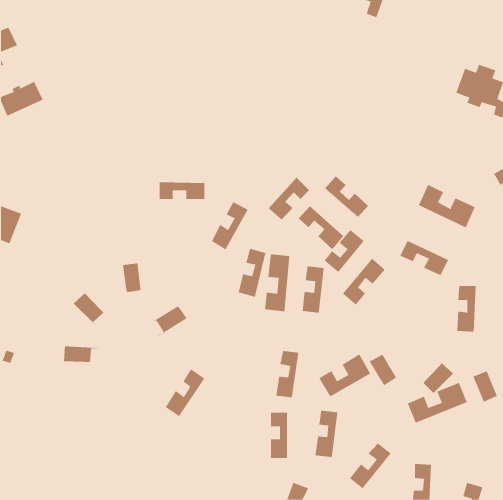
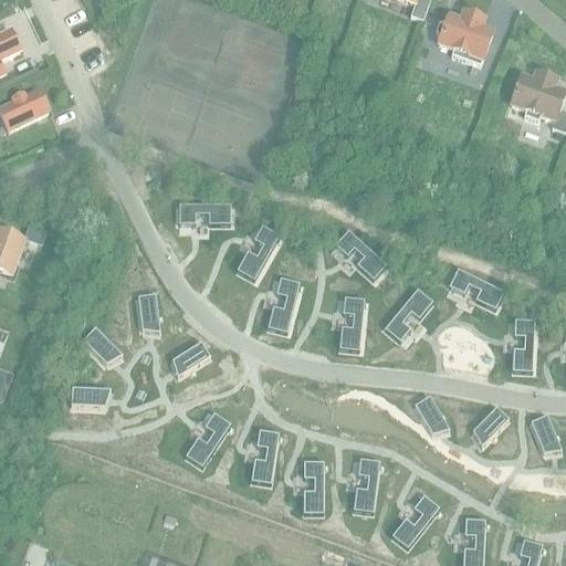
building: none -> [437,11,494,65]
building: [324,176,369,218] -> none
building: [268,177,310,220] -> none
building: [418,184,476,228] -> none
building: [324,229,365,273] -> none
building: [264,254,290,312] -> none
building: [276,350,299,398] -> [252,430,279,483]
building: [319,353,371,397] -> none
building: [407,382,468,424] -> none

